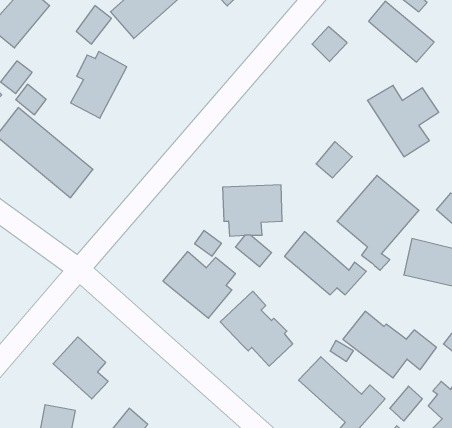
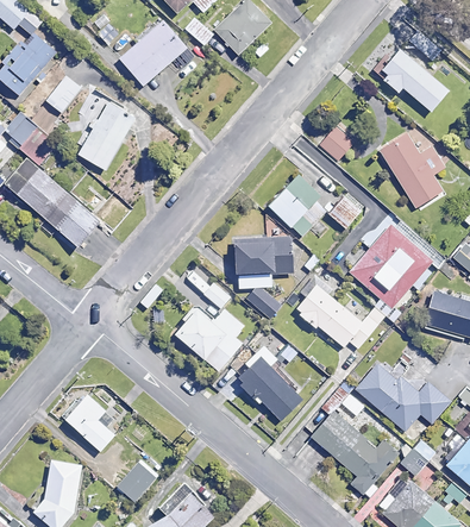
building: [76,6,111,44] -> [45,75,81,114]
building: [312,27,347,62] -> [318,126,353,162]
building: none -> [267,172,326,237]

